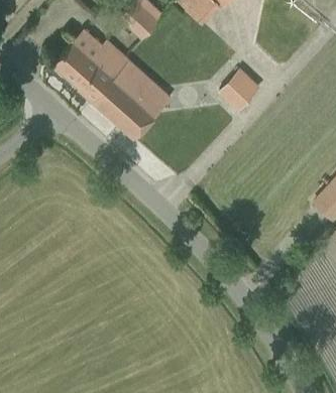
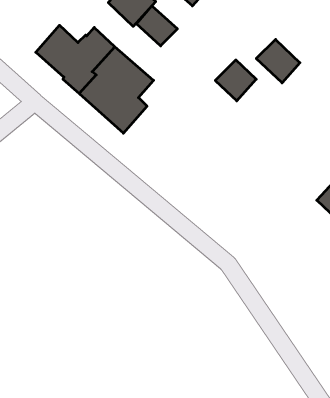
building: none -> [136,6,177,46]
building: none -> [256,39,300,83]

